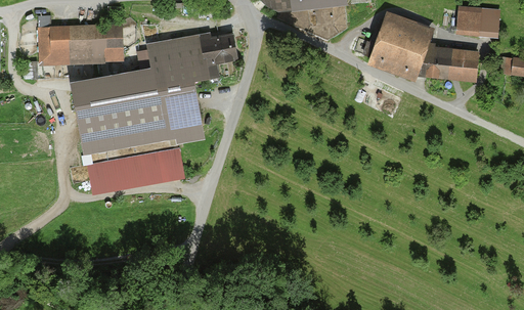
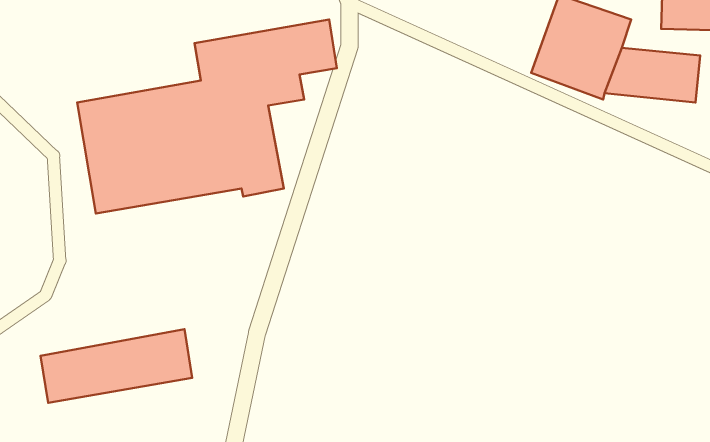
building: [36,26,123,63] -> none
building: [85,145,184,193] -> [40,329,192,403]

